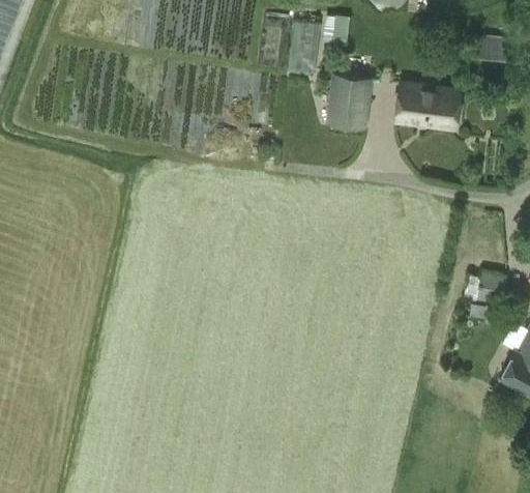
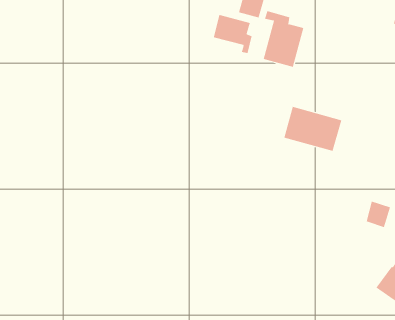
building: none -> [213,14,252,54]
building: [394,82,462,129] -> [284,106,342,152]

